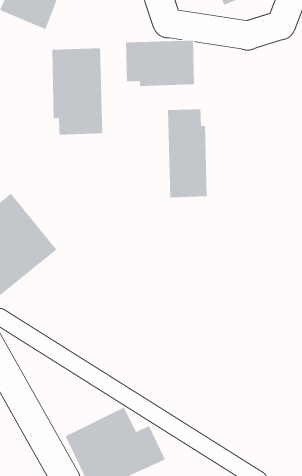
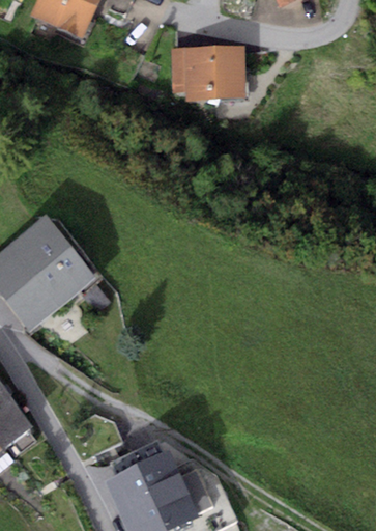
building: [52,48,103,135] -> none
building: [167,108,207,198] -> none

